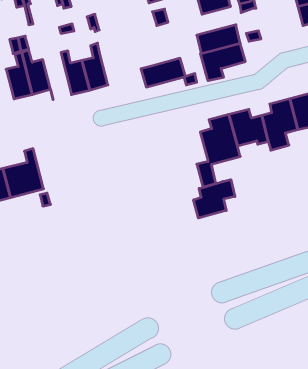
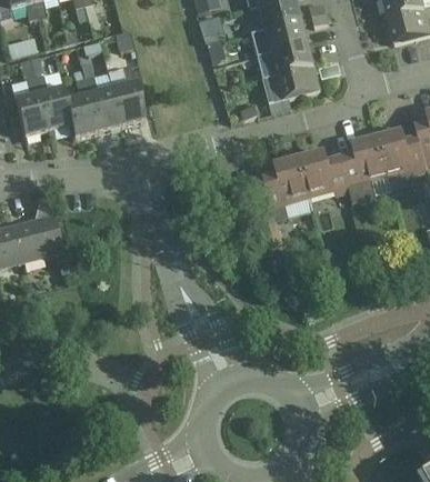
building: none -> [61,76,98,135]
building: [141,58,185,87] -> [251,17,308,53]
building: [194,180,235,218] -> none

